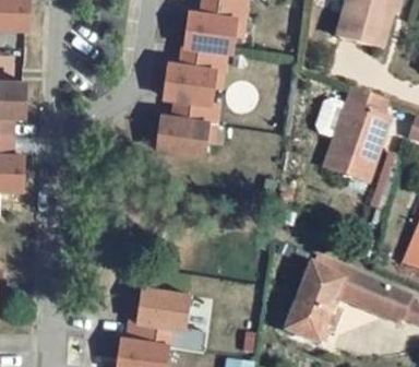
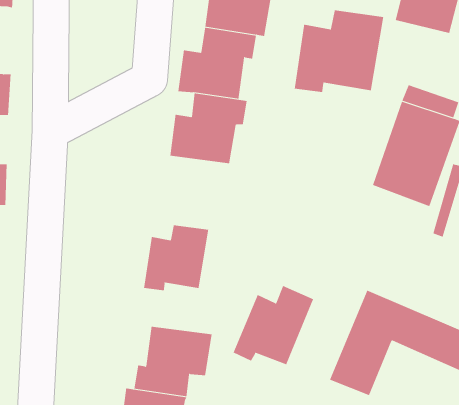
building: none -> [294,10,384,93]
building: none -> [144,224,209,291]
building: none -> [233,285,314,365]

